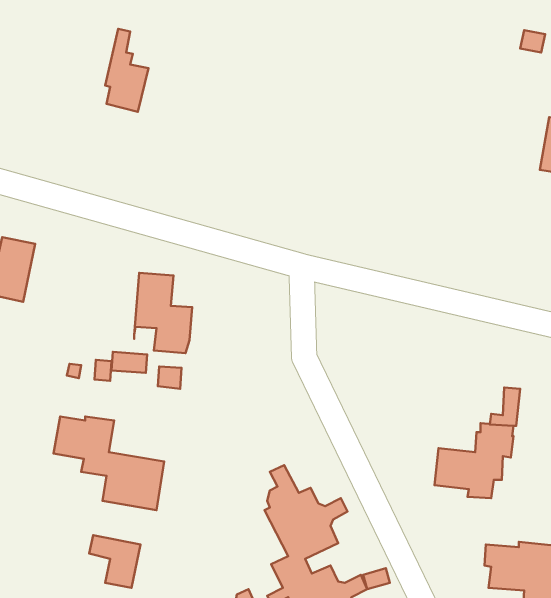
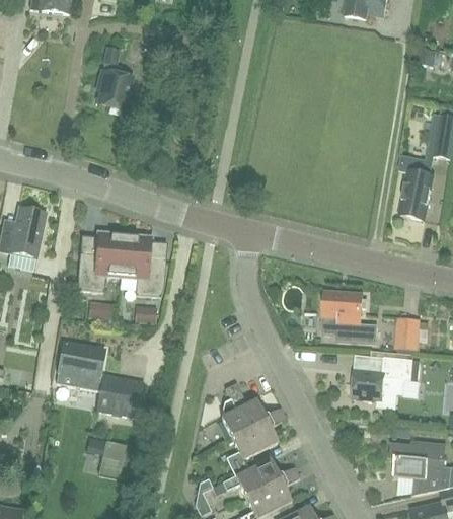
building: none -> [397,157,433,219]
building: none -> [76,232,124,291]
building: none -> [322,290,366,324]

